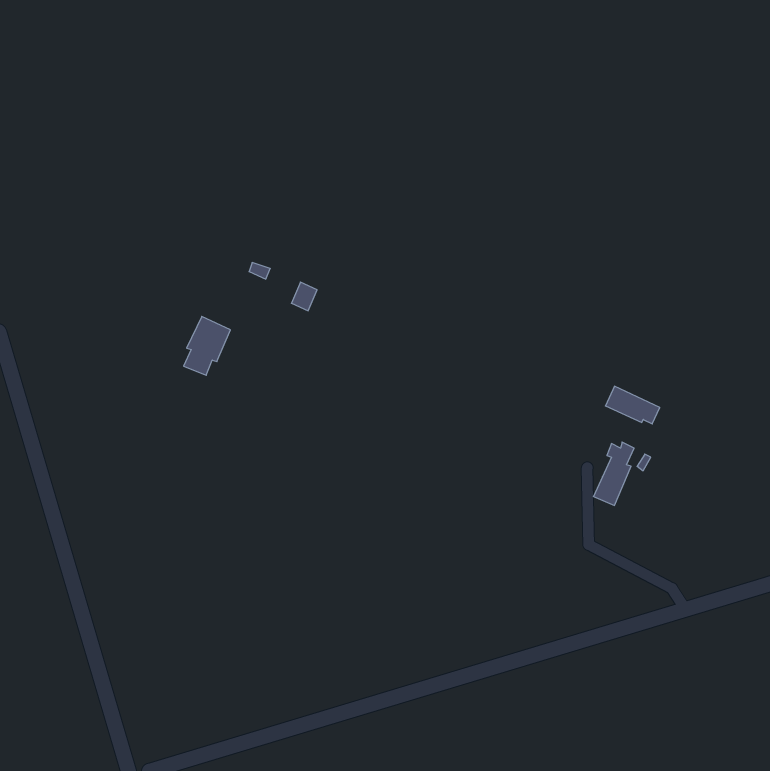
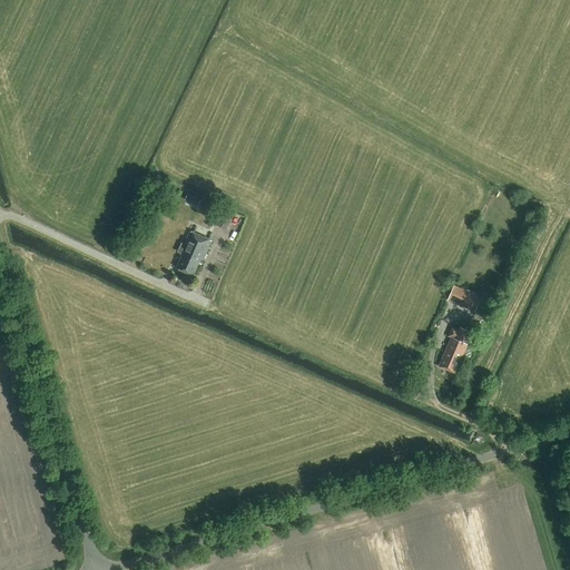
building: [184,316,230,375] -> [176,230,210,274]

